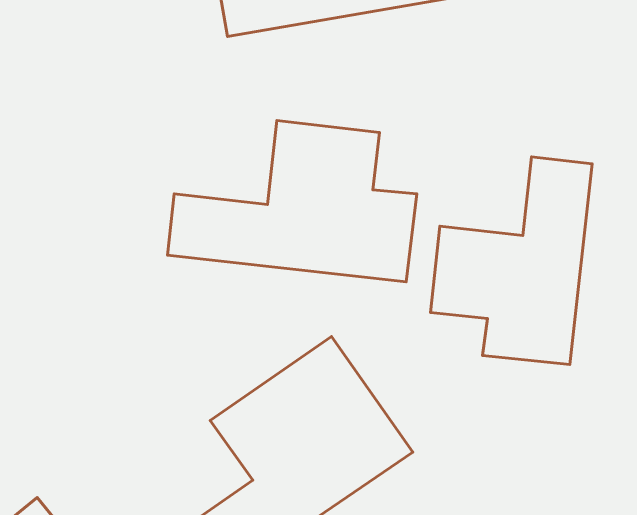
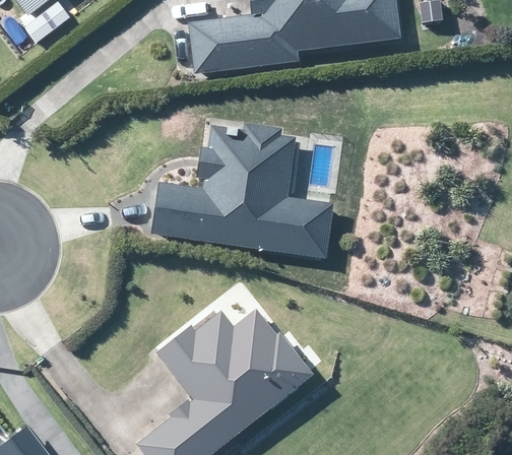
building: [431,157,592,364] -> none

